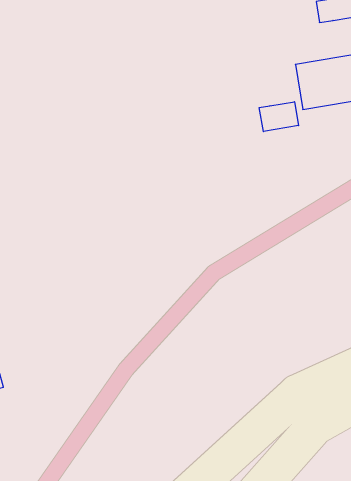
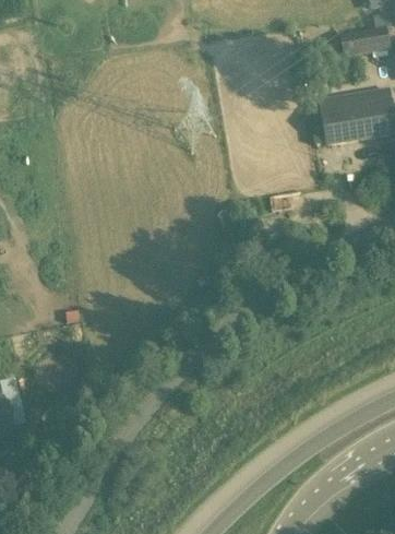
building: [259,102,299,132] -> none

